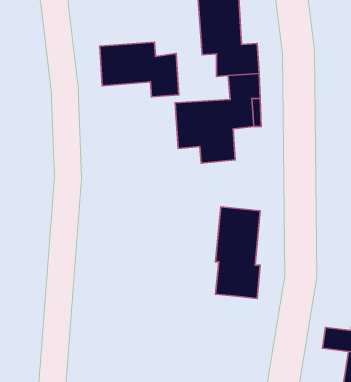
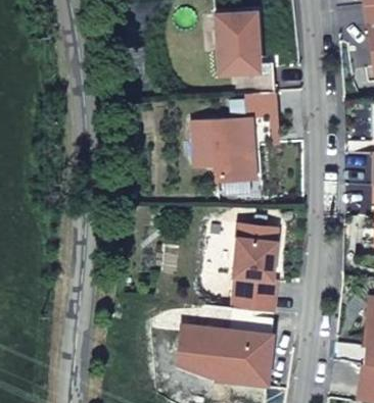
building: [100,42,179,97] -> none
building: none -> [179,308,273,385]

